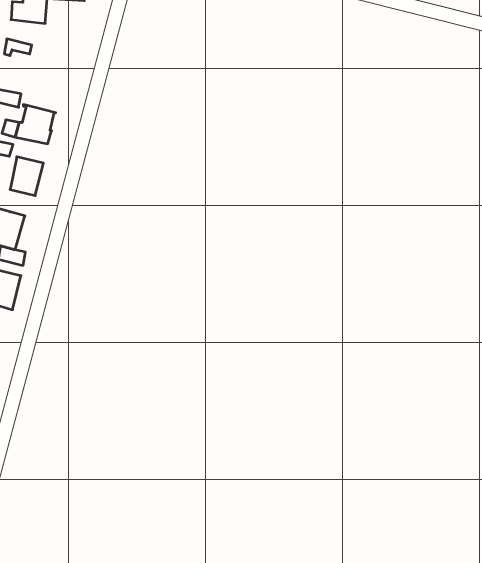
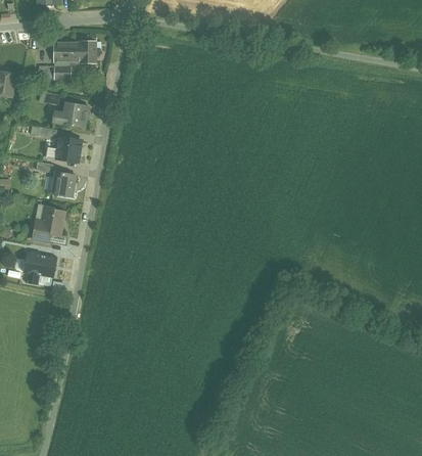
building: none -> [50,100,88,127]

